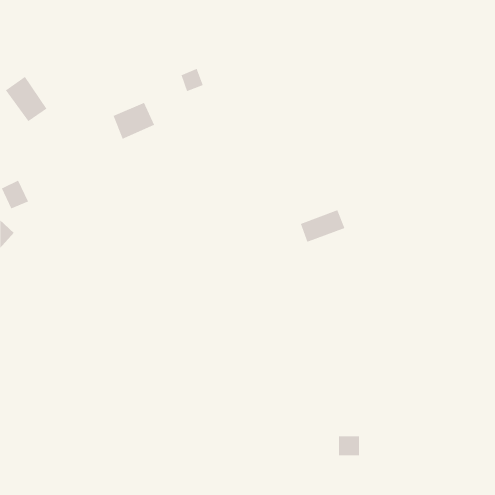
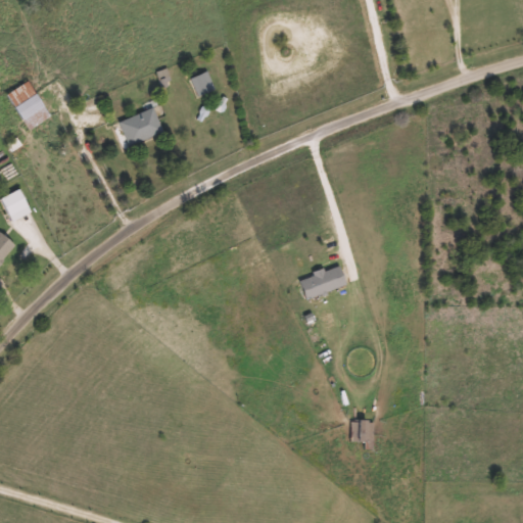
building: [300,209,345,243] -> [299,264,347,299]
building: [338,436,360,456] -> [350,420,373,441]

